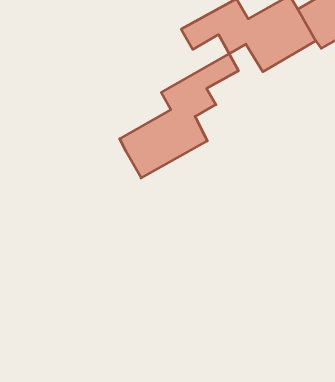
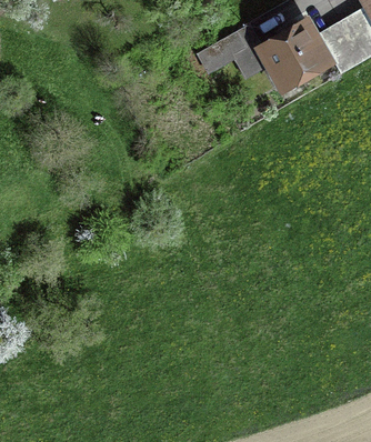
building: [120,54,238,178] -> none

